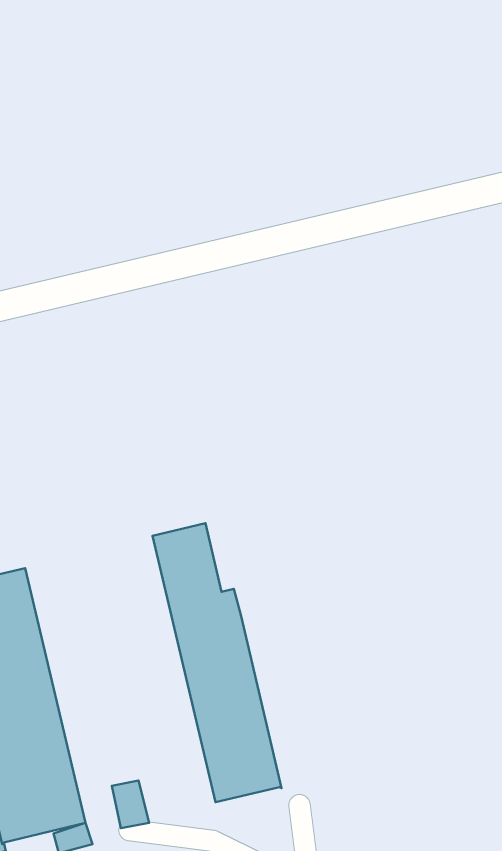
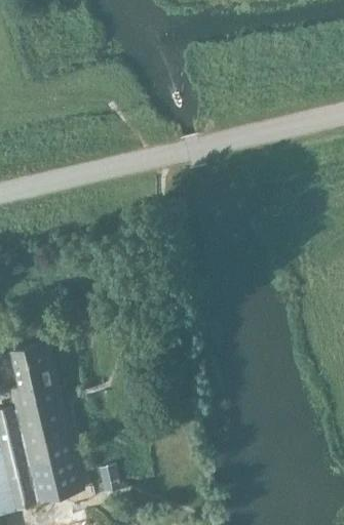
building: [153,523,282,802] -> none

